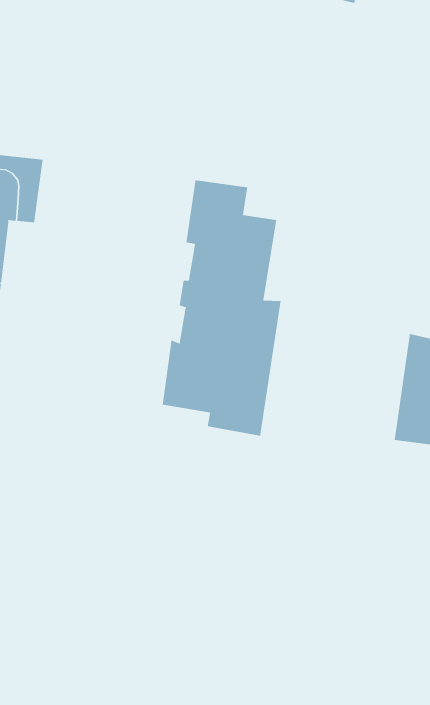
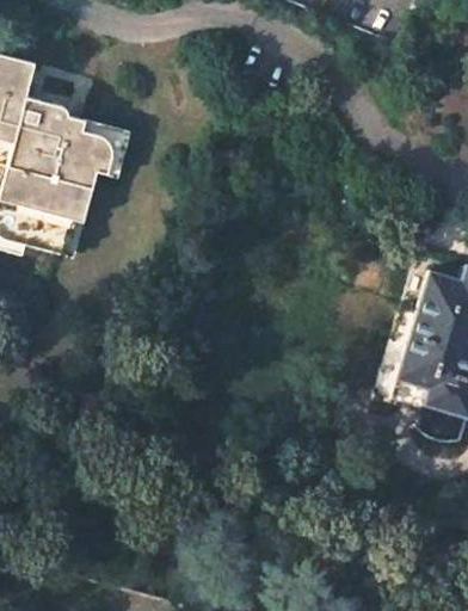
building: [162,180,281,437] -> none

